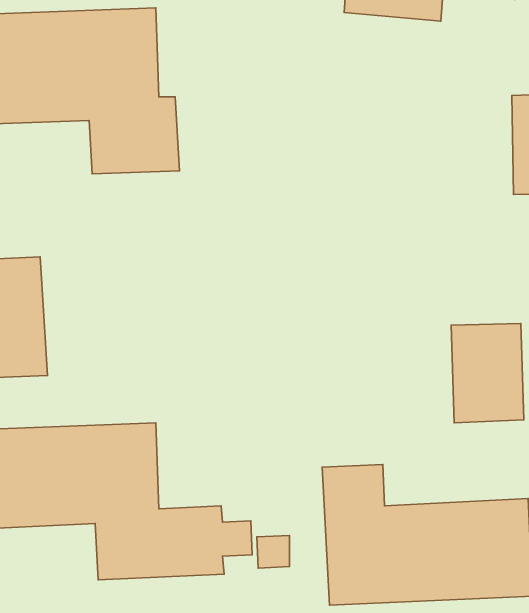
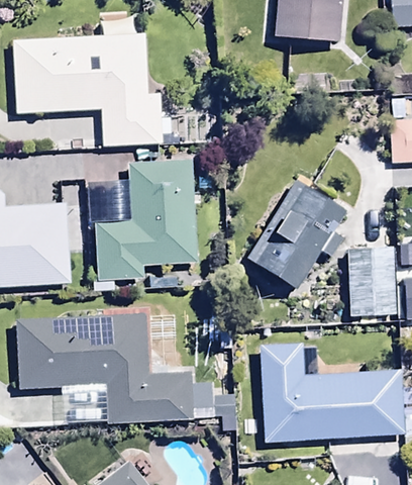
building: none -> [96,159,198,281]
building: none -> [247,179,345,288]

